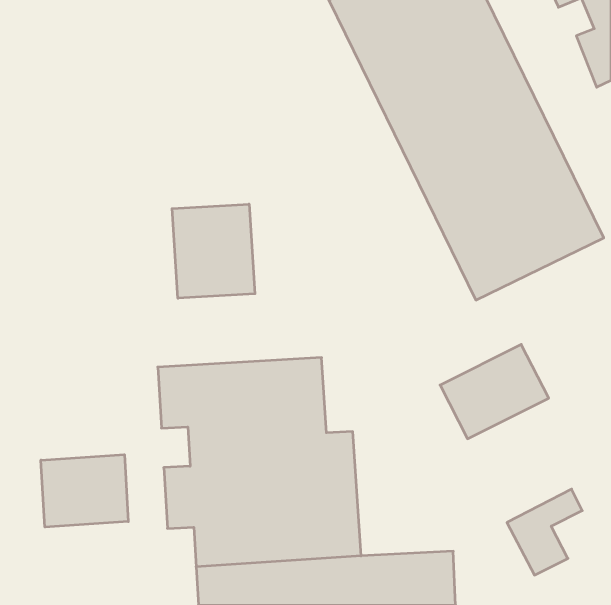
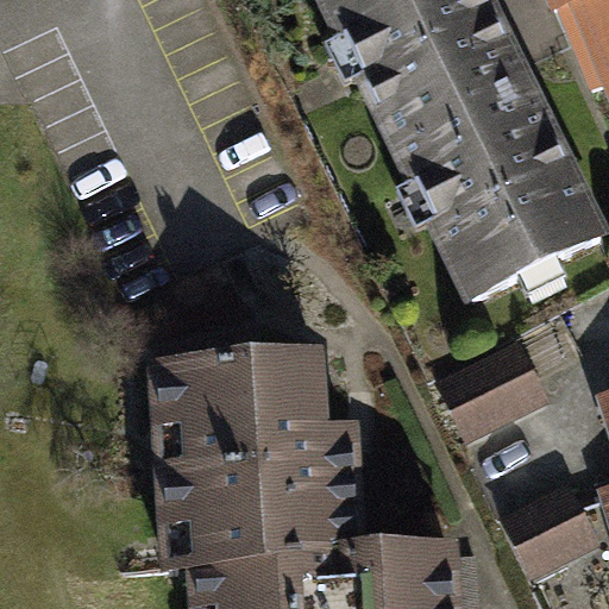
building: [172,204,255,298] -> none
building: [41,455,128,527] -> none

